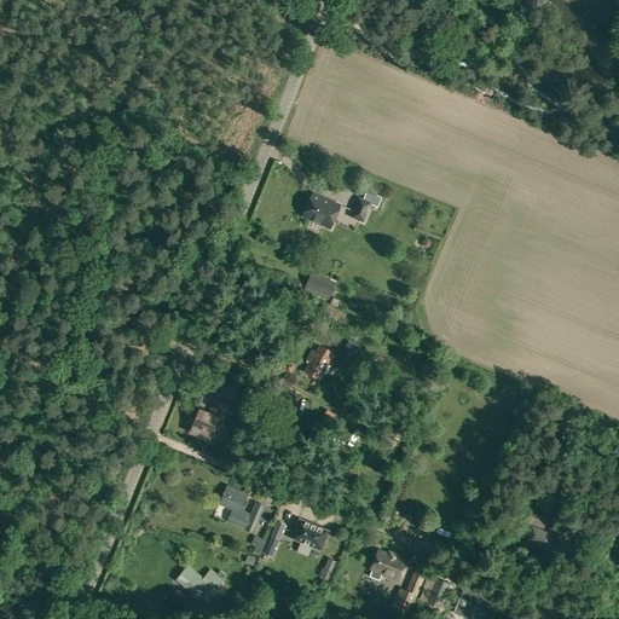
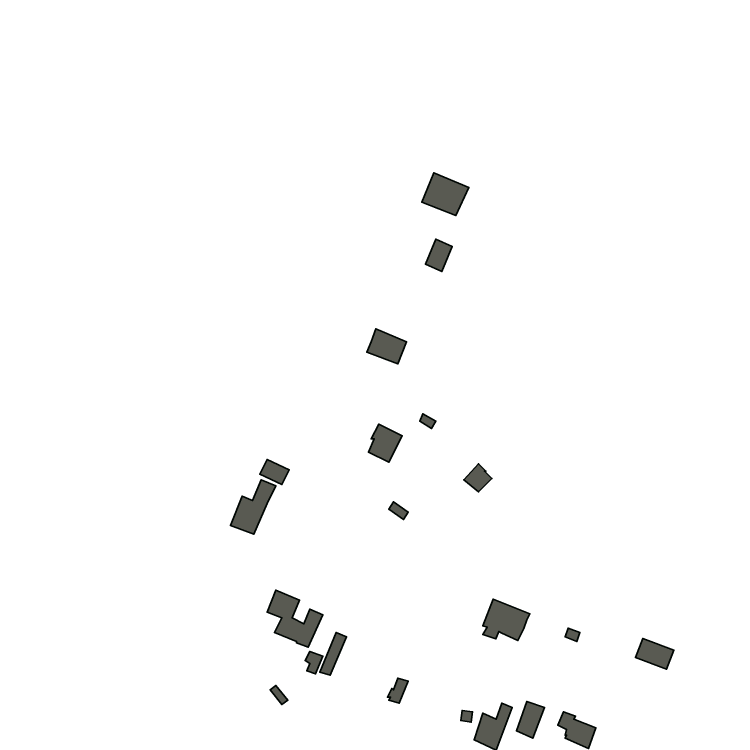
building: [302,193,341,228] -> [422,173,469,215]
building: [290,517,329,553] -> none
building: [369,548,407,582] -> [483,599,530,640]
building: [177,566,222,594] -> none

